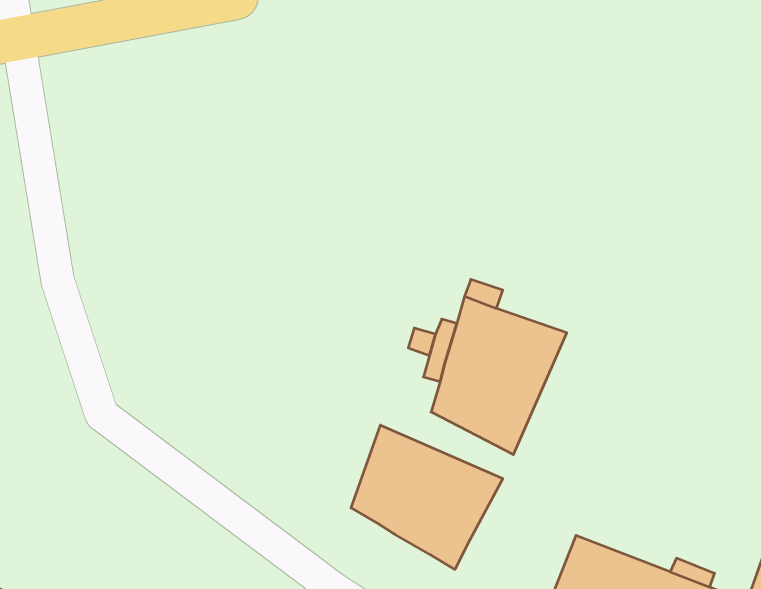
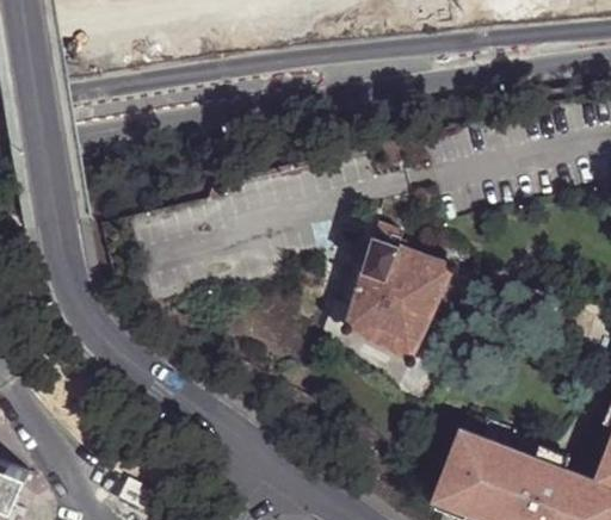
building: [351,425,503,569] -> none

